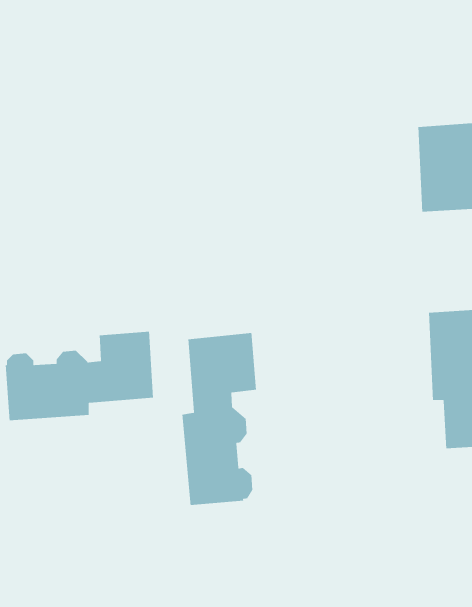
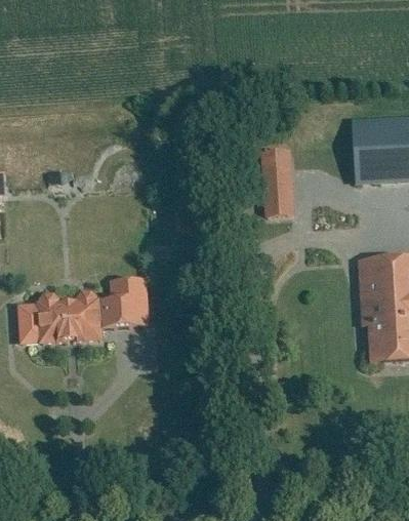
building: none -> [262,149,296,217]
building: [182,332,257,506] -> none

